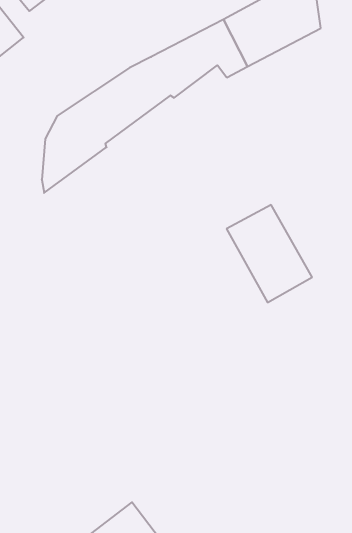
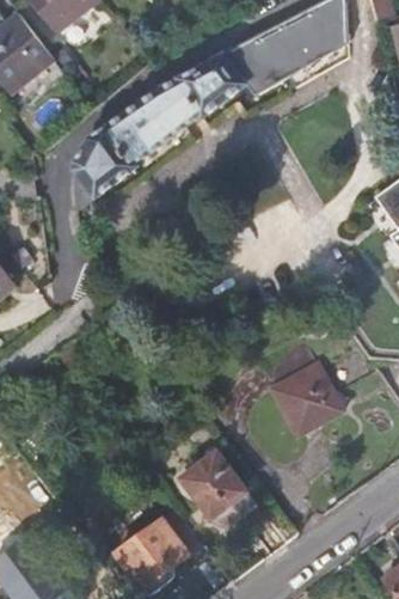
building: [227,205,312,302] -> [257,337,342,434]
building: none -> [182,451,258,526]

